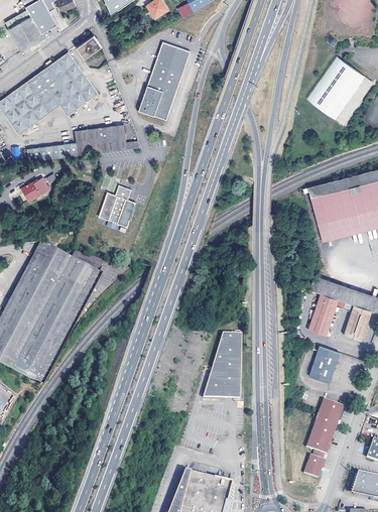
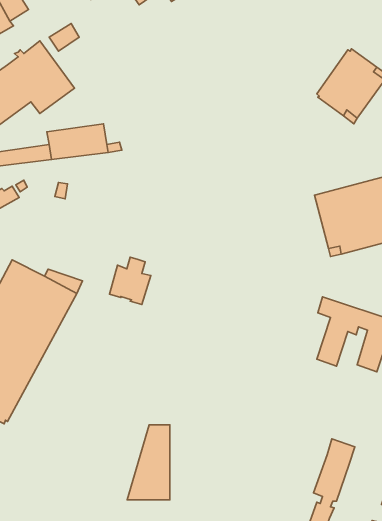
building: [138,39,188,118] -> none
building: [101,183,137,225] -> [109,257,151,304]
building: [202,333,239,398] -> [127,425,170,500]
building: [308,346,339,383] -> none

